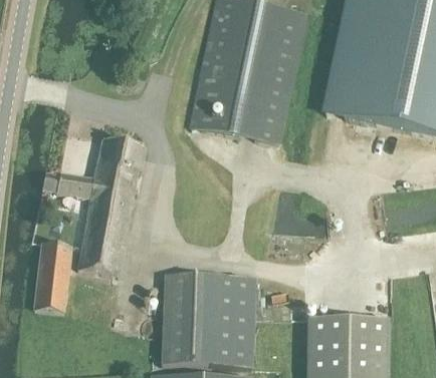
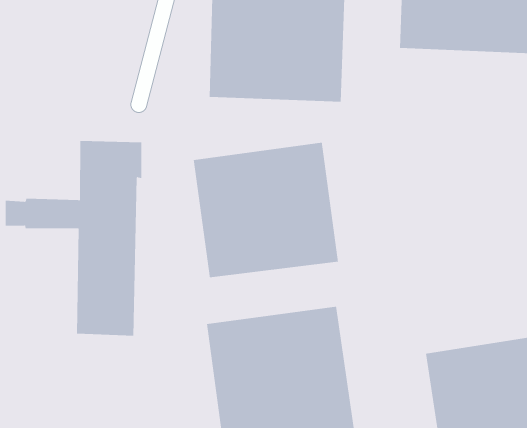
building: none -> [193,142,338,278]
building: [34,239,72,309] -> none

